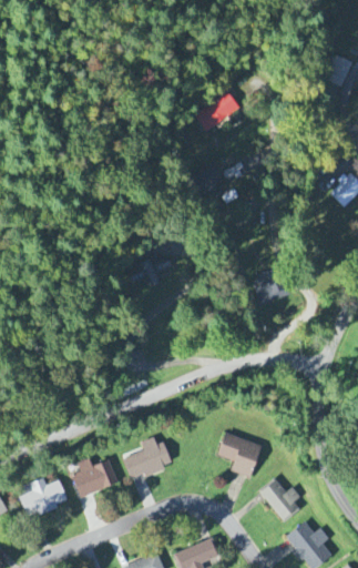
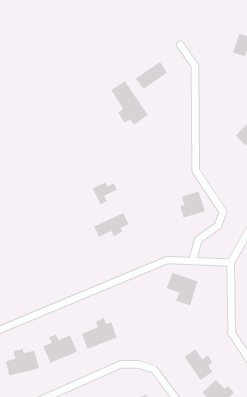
building: none -> [111,80,148,126]
building: none -> [93,212,129,237]
building: [217,432,260,477] -> [166,272,198,306]

